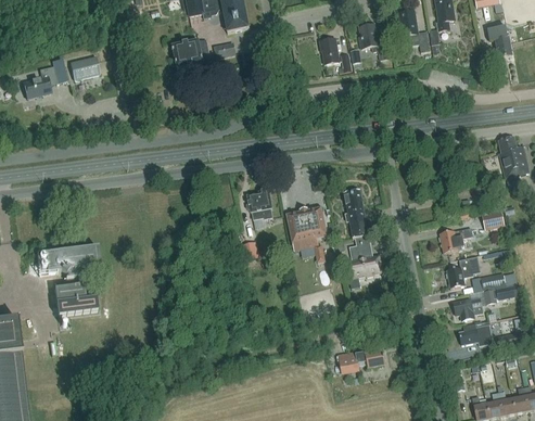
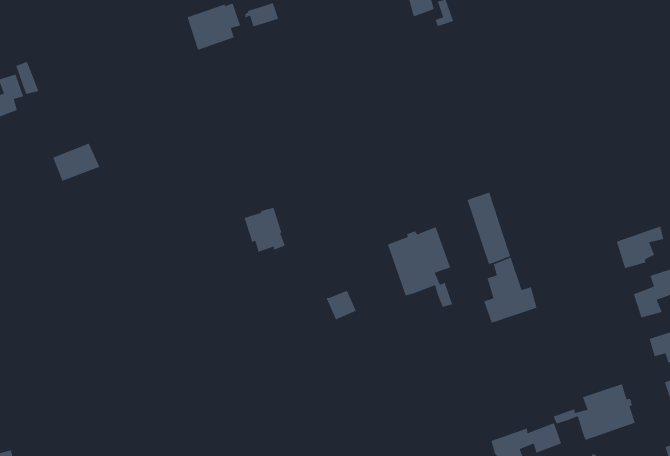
building: [68,55,100,79] -> [52,143,100,182]
building: [246,189,272,218] -> [243,207,286,253]
building: [36,247,99,315] -> none
building: none -> [552,383,636,441]

